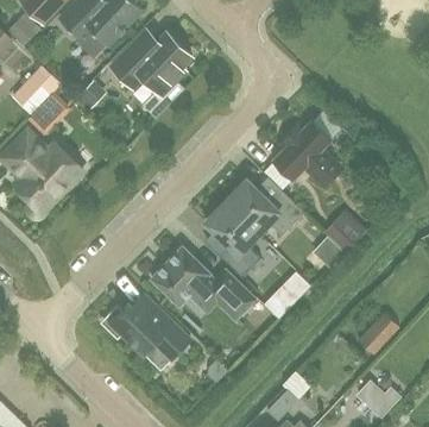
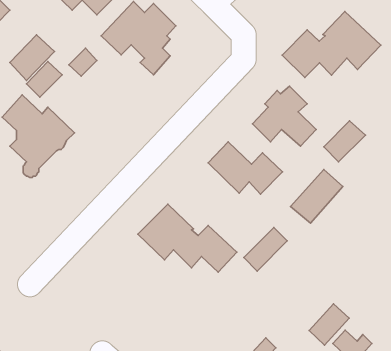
building: none -> [282,11,381,78]
building: none -> [324,121,366,162]
building: [204,202,260,277] -> none
building: [105,294,189,359] -> none
building: [357,312,399,356] -> [309,304,349,345]

